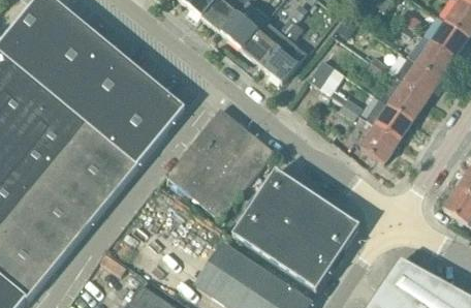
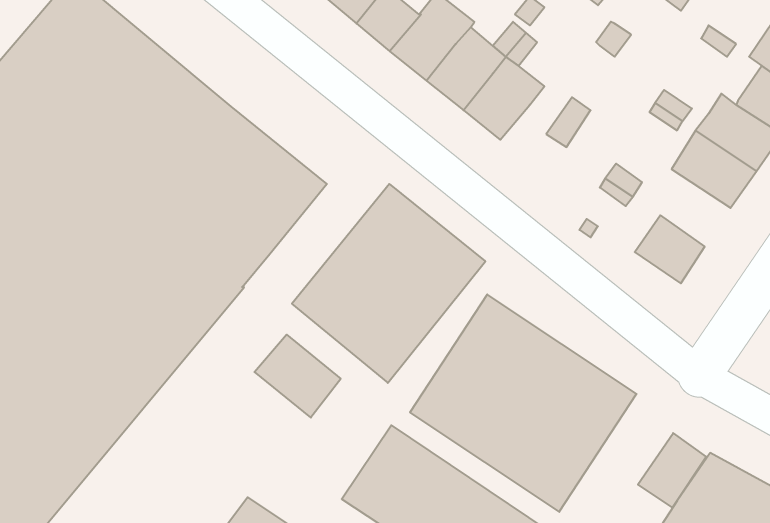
building: [366,99,412,143] -> none
building: none -> [254,335,341,418]
building: none -> [638,433,706,508]

